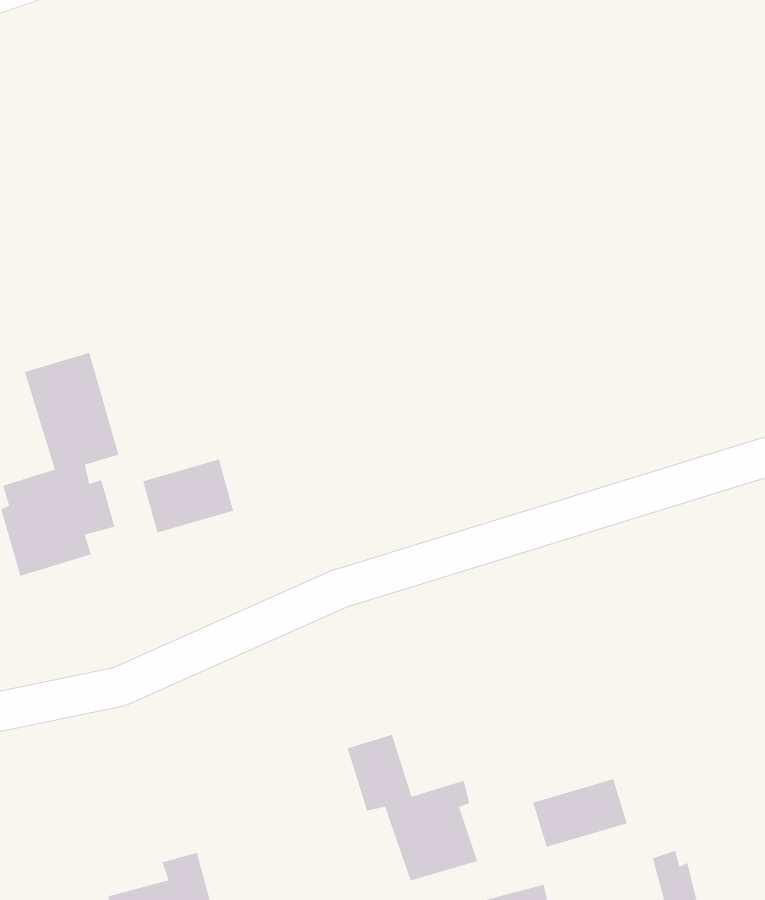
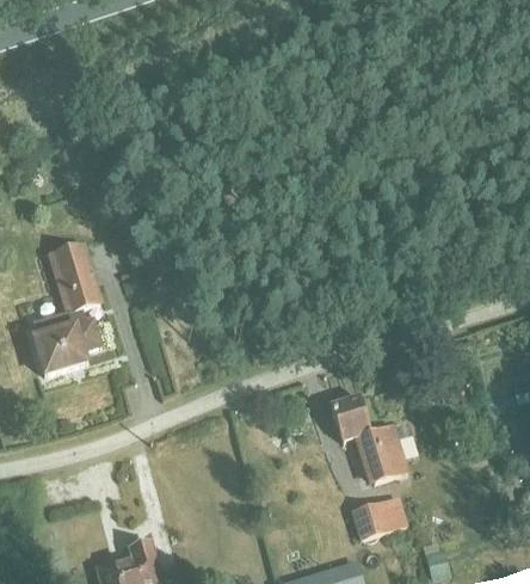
building: [142,458,234,533] -> none
building: [347,734,478,881] -> [328,395,407,484]

